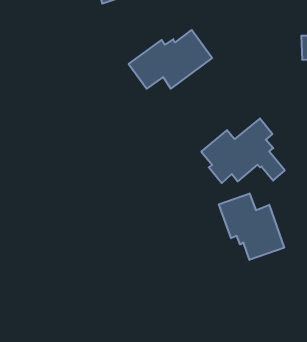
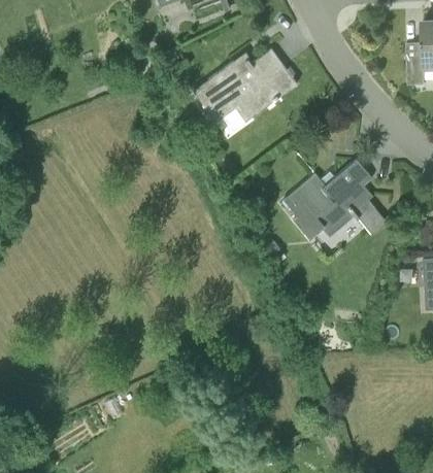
building: [219,193,284,260] -> none

